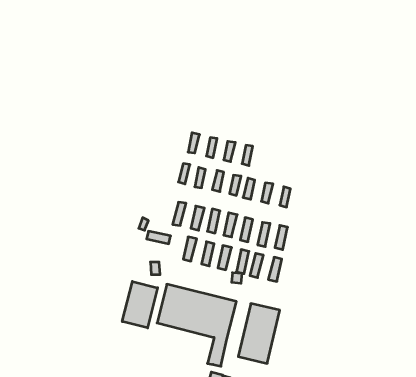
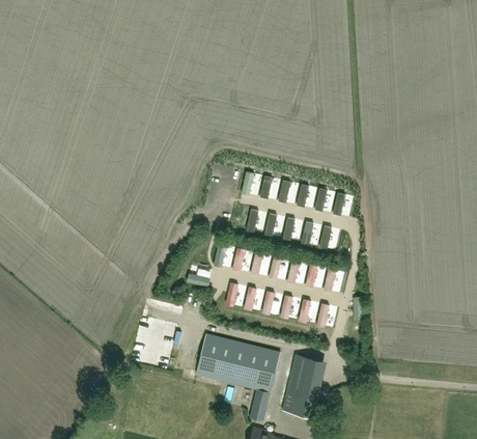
building: [122,281,158,328] -> none

